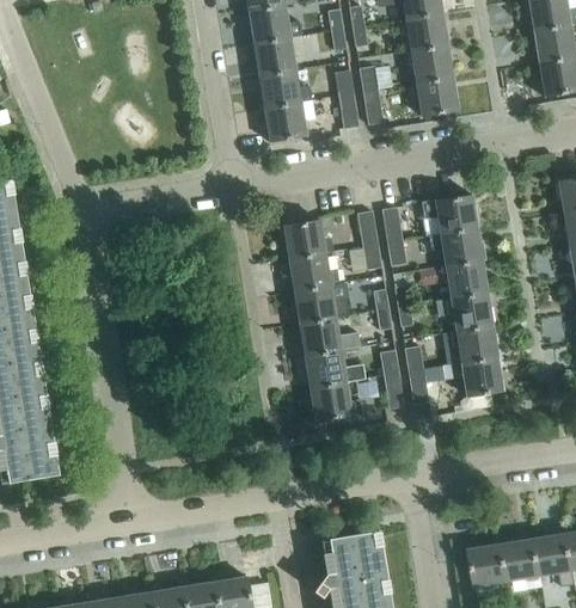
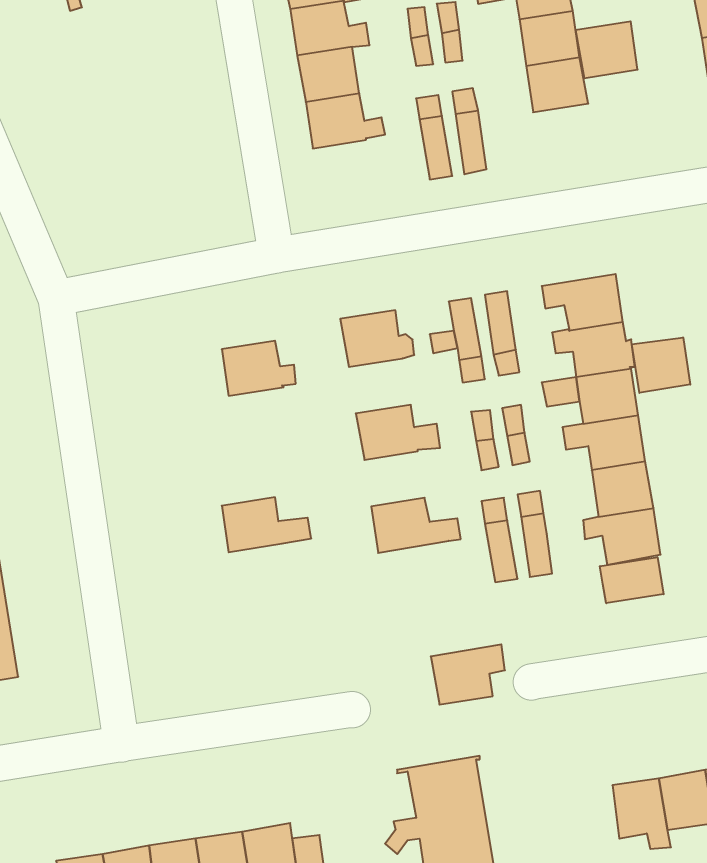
building: [416,76,459,116] -> [576,21,638,78]
building: [263,102,306,141] -> none
building: none -> [632,337,690,393]
building: [288,253,339,291] -> [222,341,296,396]
building: [299,318,361,356] -> [222,497,311,552]
building: [308,380,360,422] -> [431,644,505,705]
building: none -> [600,557,664,603]

